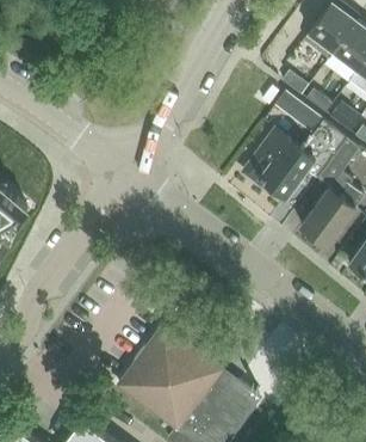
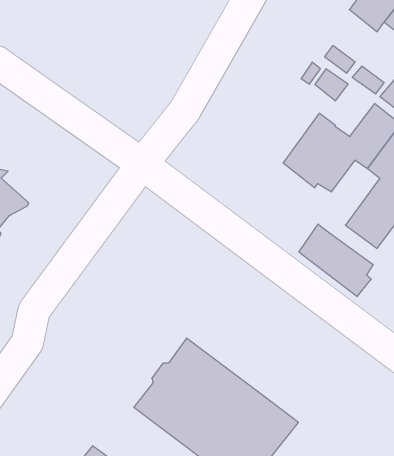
building: none -> [299,224,373,297]

